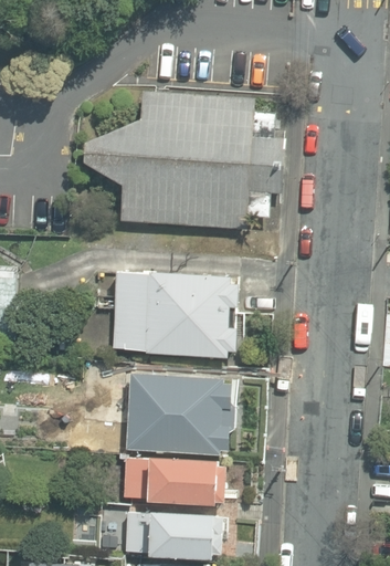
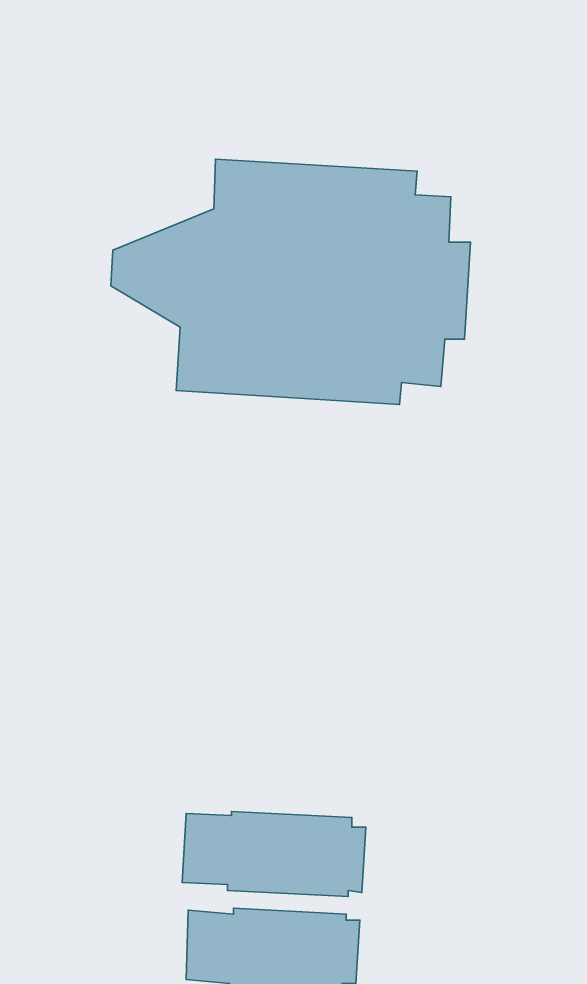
building: [115,271,241,356] -> none
building: [94,373,236,455] -> none

